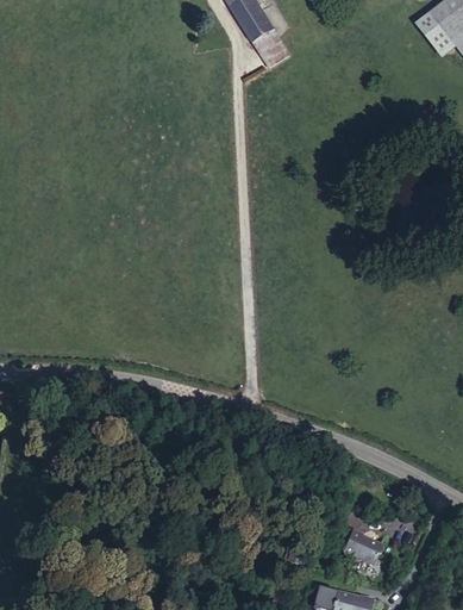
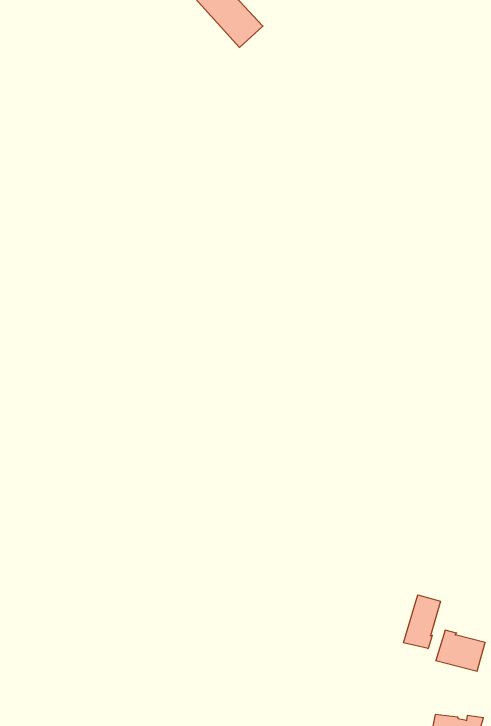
building: none -> [404,595,441,649]

